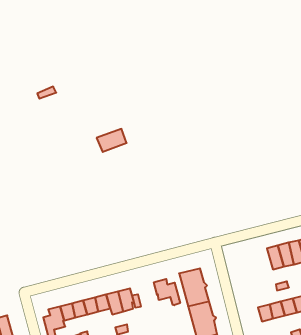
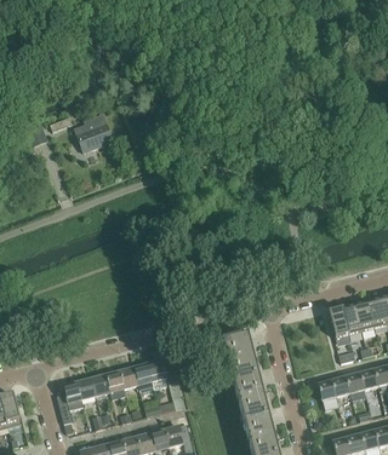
building: [97,129,127,152] -> [75,121,112,149]
building: [154,279,180,305] -> none

